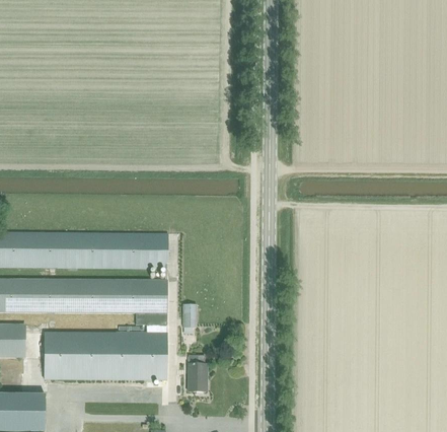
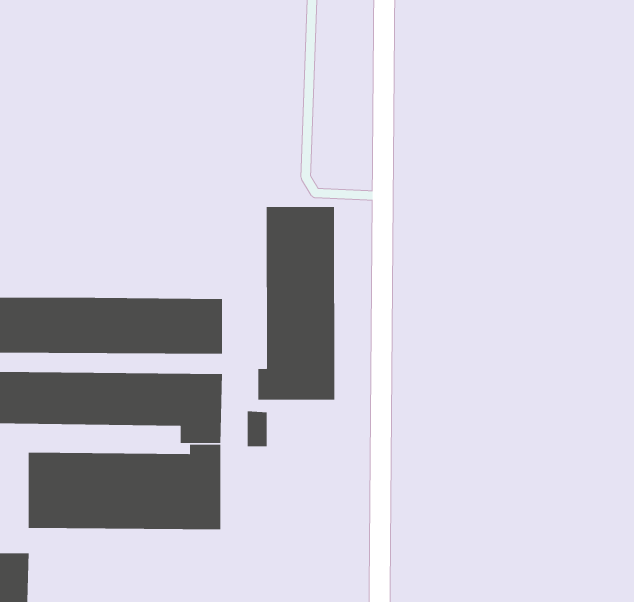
building: none -> [257,206,335,401]
building: [188,355,207,391] -> none

